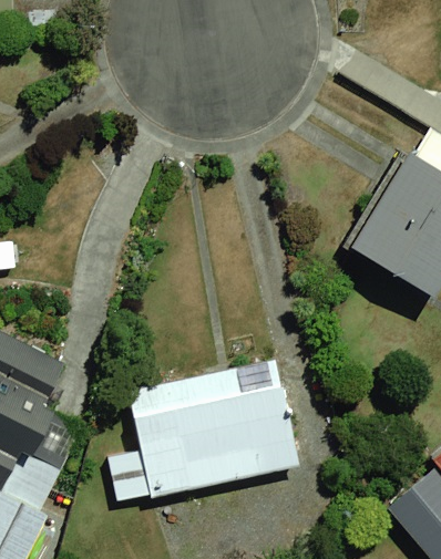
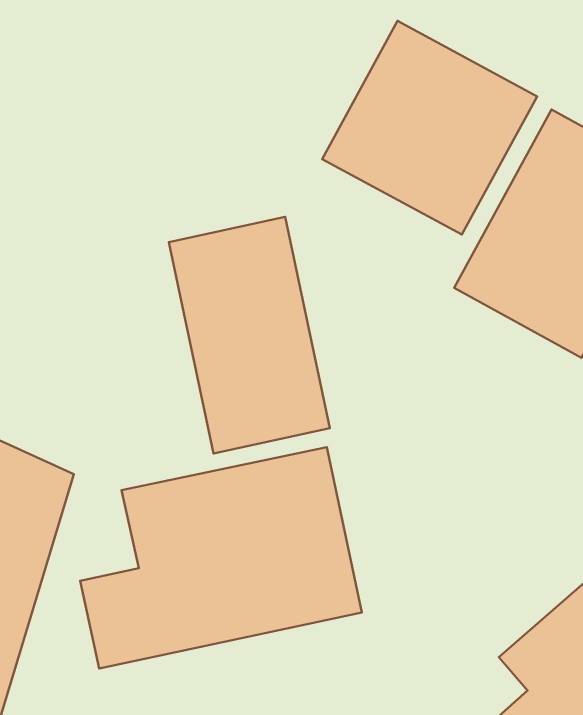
building: none -> [322,21,537,235]
building: none -> [169,217,330,453]

